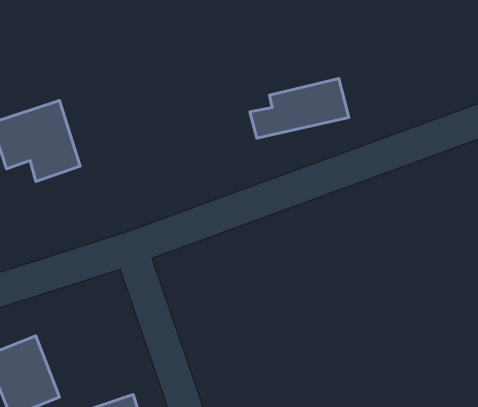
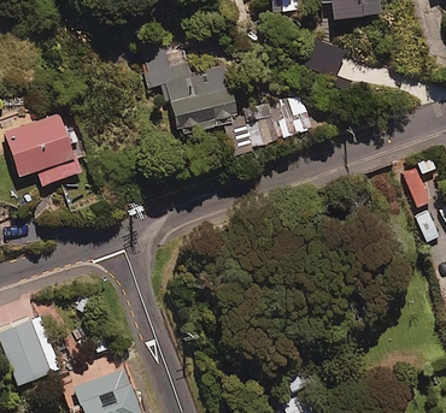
building: none -> [142,48,234,130]

